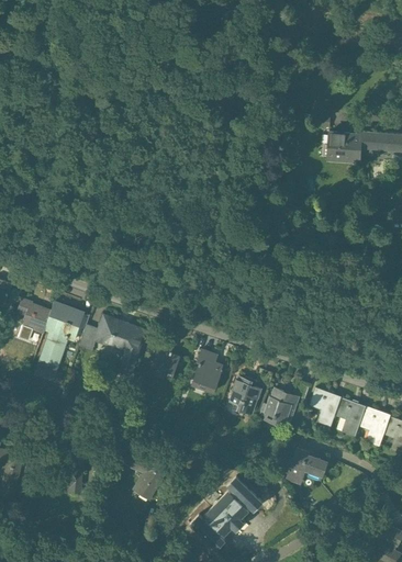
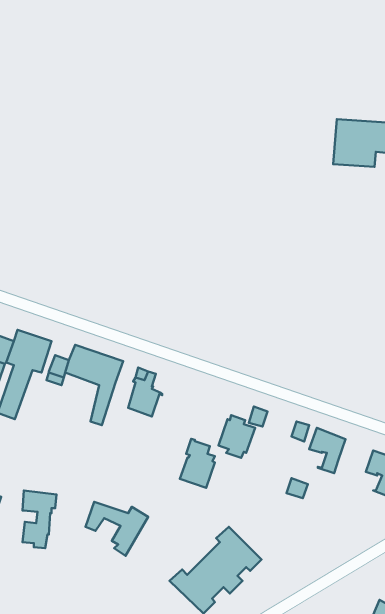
building: [191,349,222,392] -> [180,439,215,488]
building: [266,390,295,426] -> none
building: [334,397,366,437] -> none
building: [286,450,327,483] -> none

